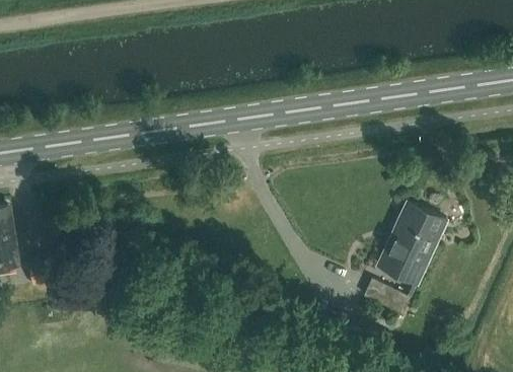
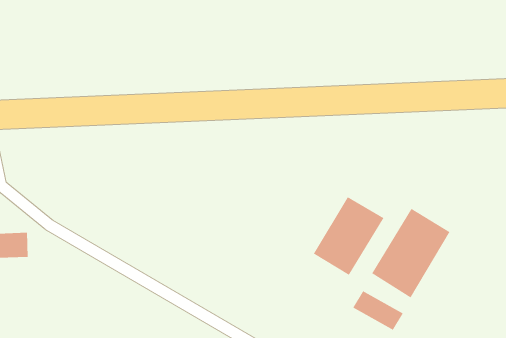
building: none -> [313,196,385,276]

